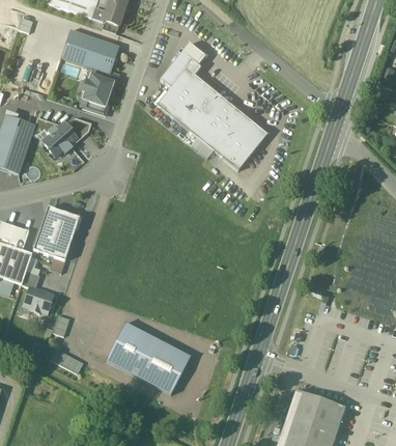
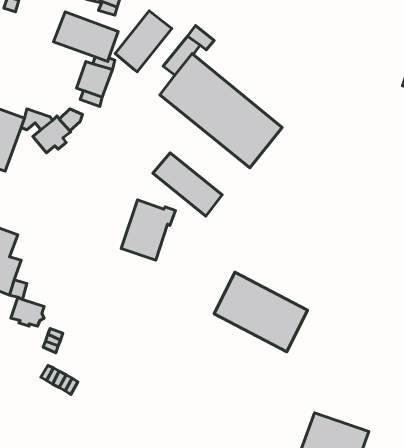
building: none -> [115,11,172,72]
building: none -> [153,153,222,216]
building: [33,206,82,260] -> [121,200,175,260]
building: [106,322,190,393] -> [214,272,308,352]

